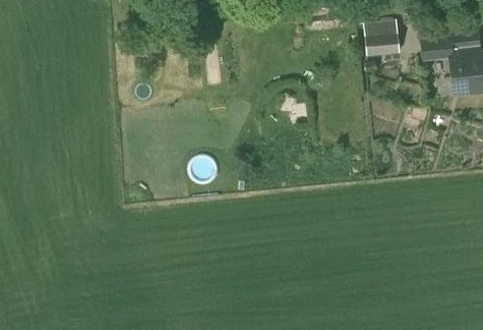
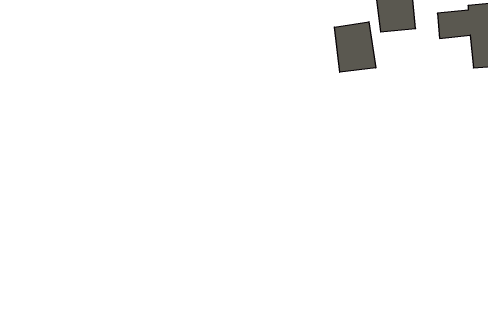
building: none -> [334,22,376,72]

